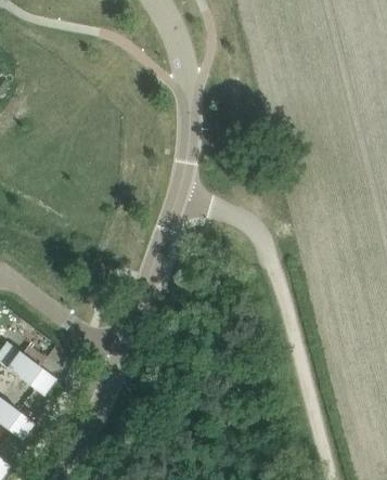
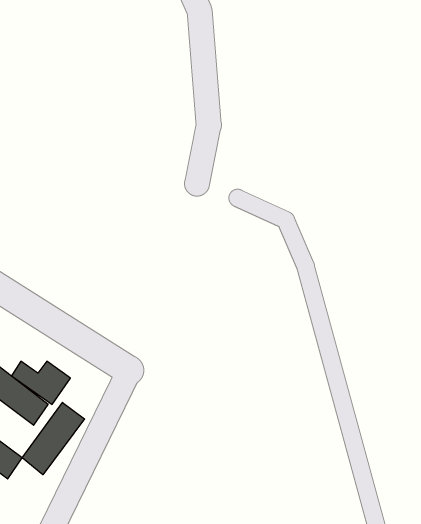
building: none -> [22,402,85,475]

